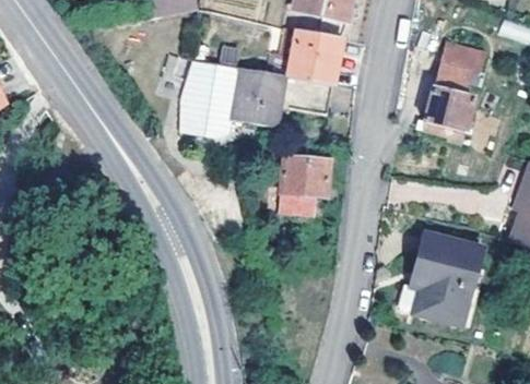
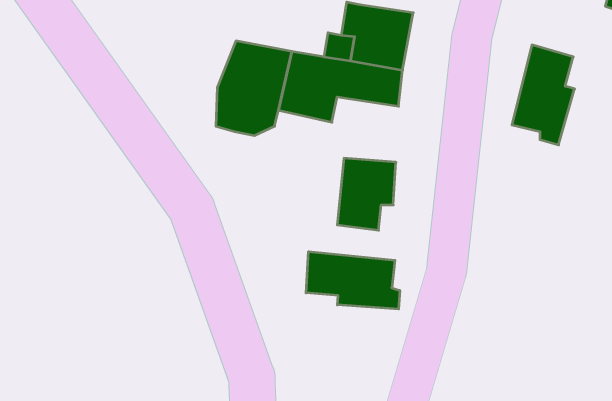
building: [439,40,488,75] -> none
building: none -> [306,252,400,309]
building: [402,235,479,323] -> none

